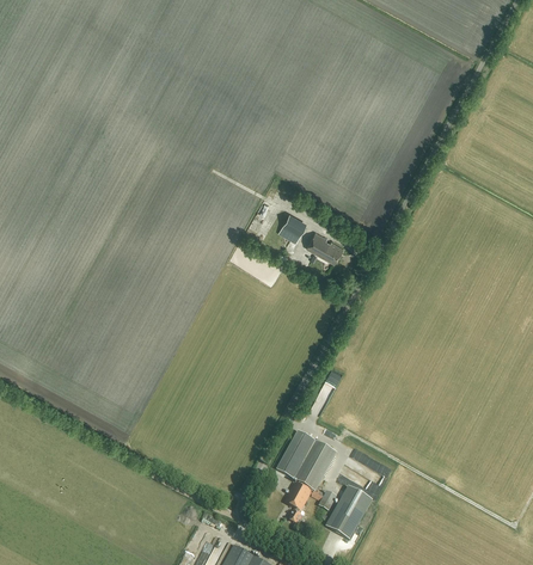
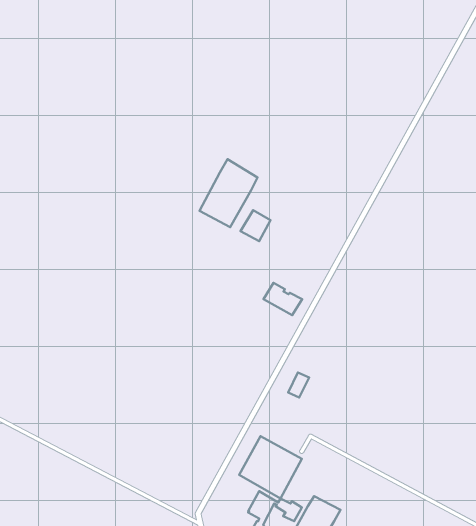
building: none -> [199,159,258,227]
building: [306,232,343,263] -> [264,283,302,315]

